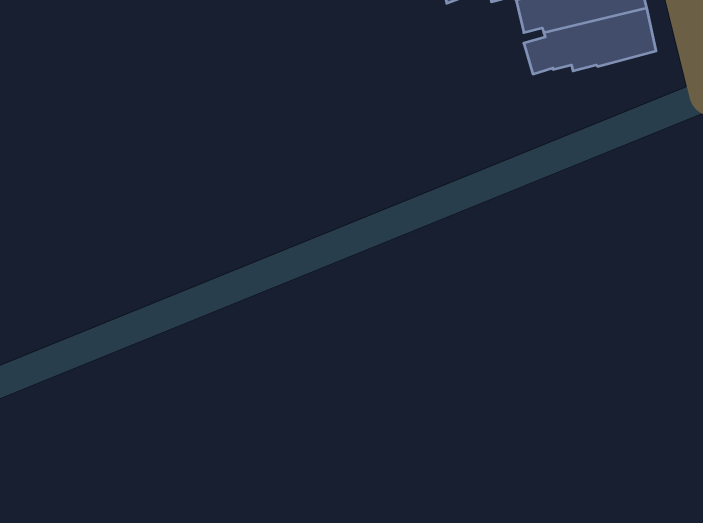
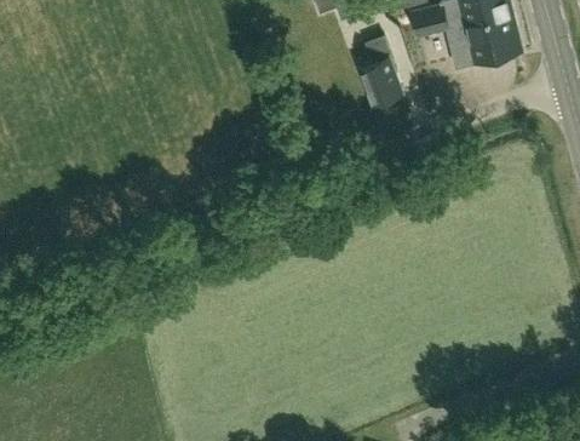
building: none -> [360,38,401,105]

